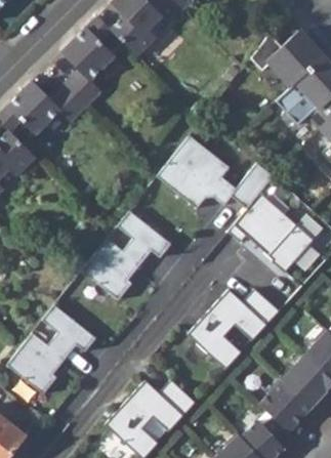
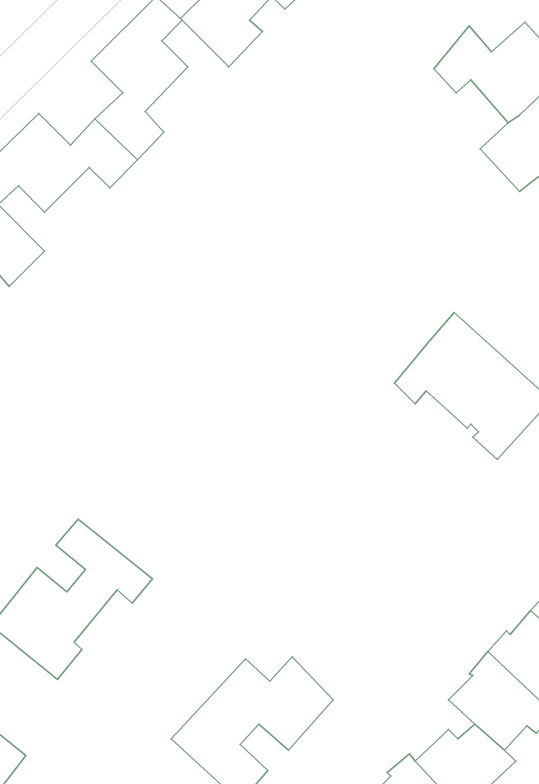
building: [157,134,274,207] -> none
building: [82,209,170,298] -> none
building: [189,288,280,369] -> none

